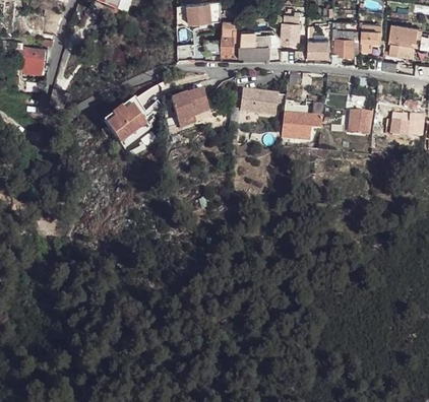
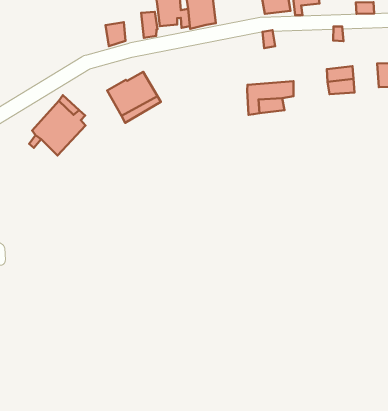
building: [240,91,286,118] -> none

